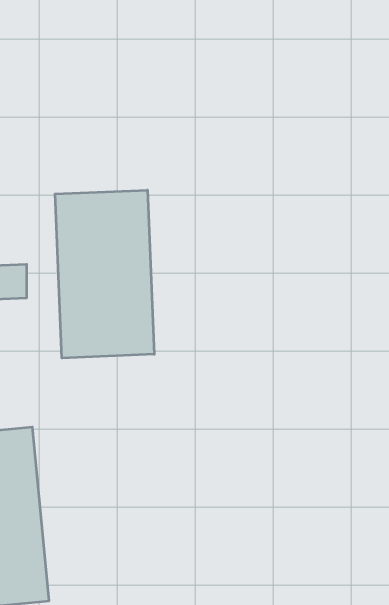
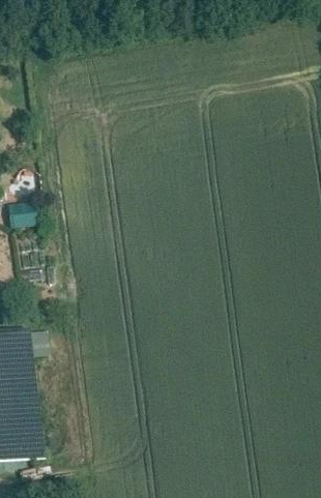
building: [55,190,154,358] -> none

